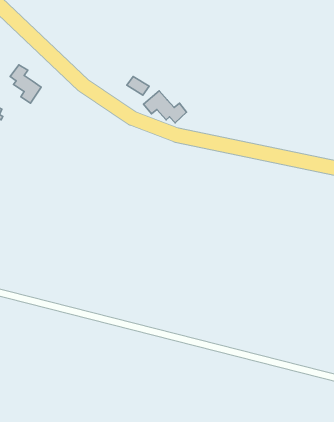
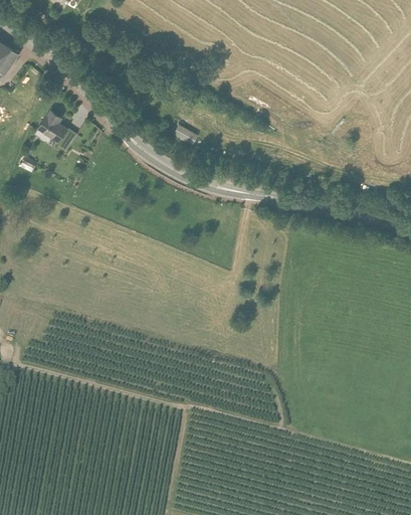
building: [143,91,187,123] -> none

